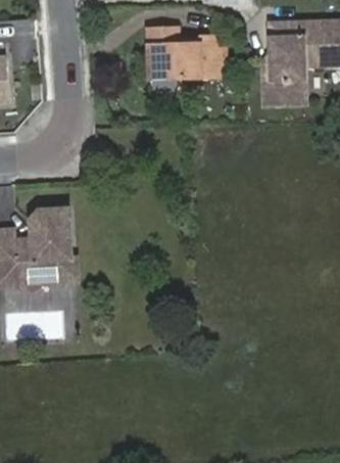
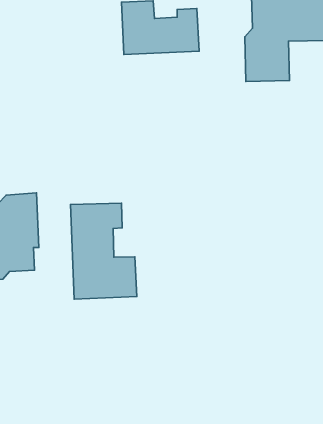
building: none -> [71,203,137,299]

